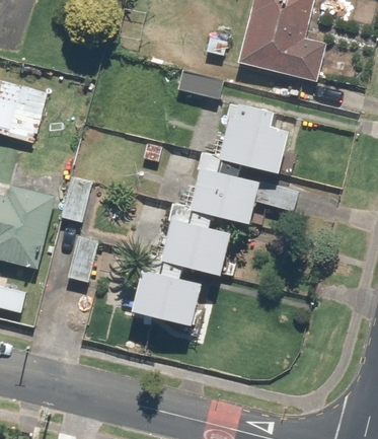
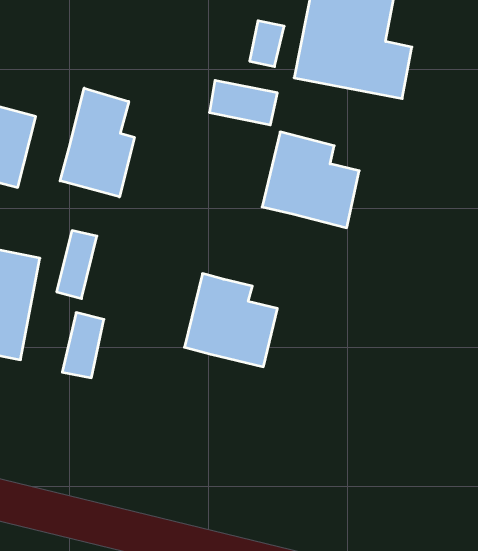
building: none -> [60,88,134,197]
building: [187,155,300,225] -> none
building: [129,261,200,326] -> none

